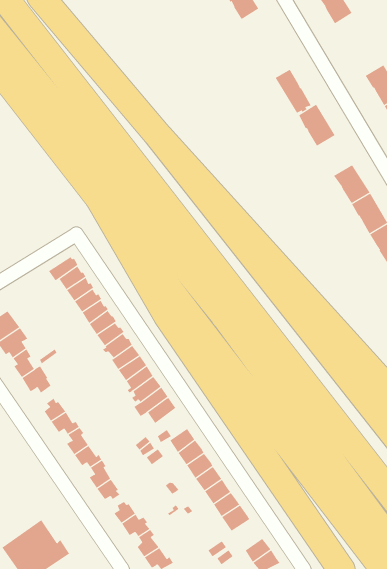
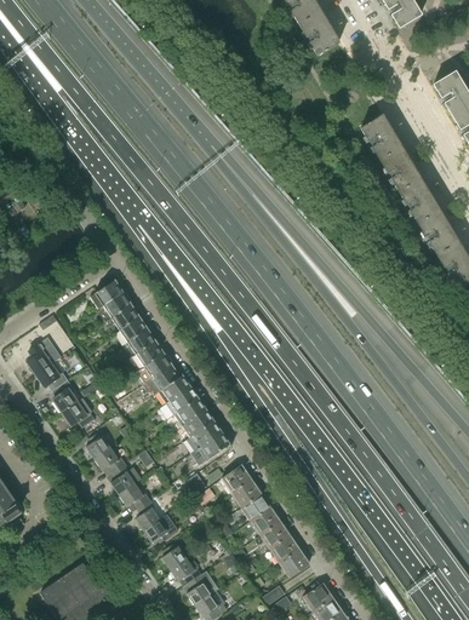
building: none -> [299,12,338,56]
building: [275,69,312,114] -> none
building: none -> [381,149,419,193]

